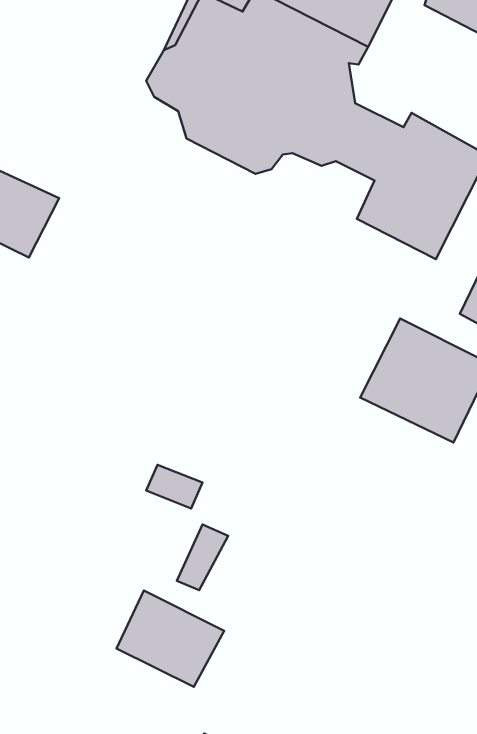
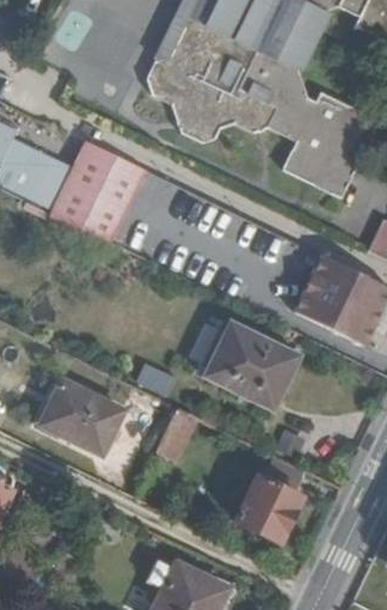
building: none -> [49,139,142,240]
building: none -> [203,322,296,409]
building: [116,591,224,687] -> [43,378,123,450]
building: none -> [236,476,300,542]

